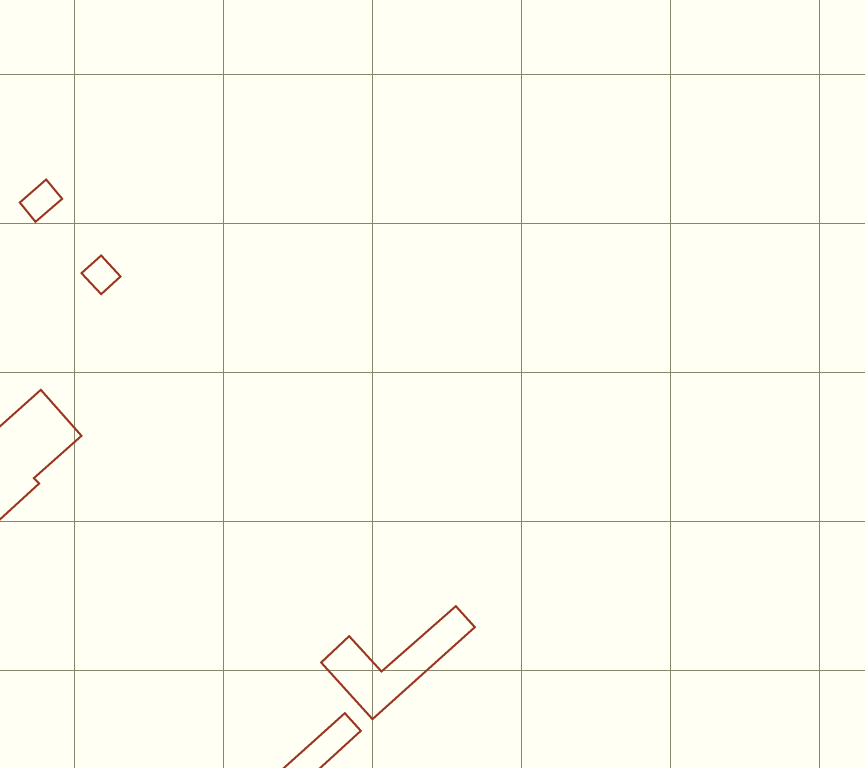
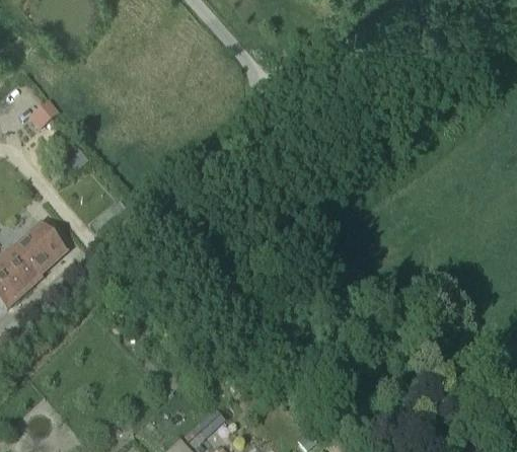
building: [321,606,475,719] -> none

